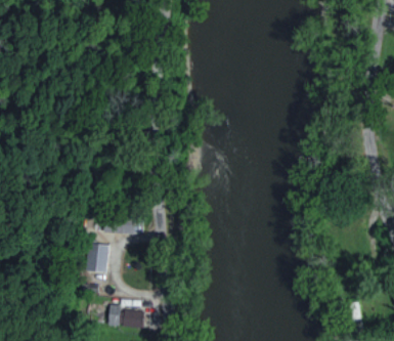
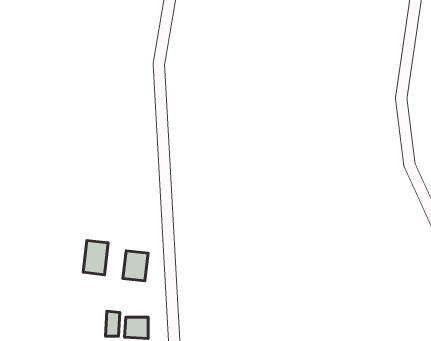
building: none -> [123,251,148,281]

